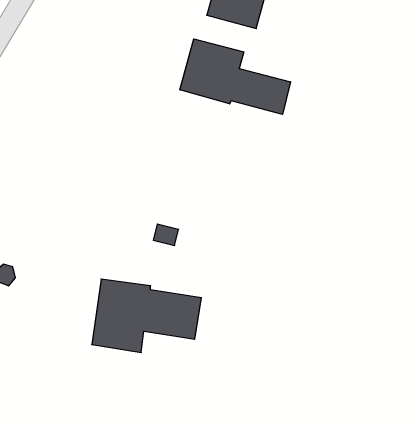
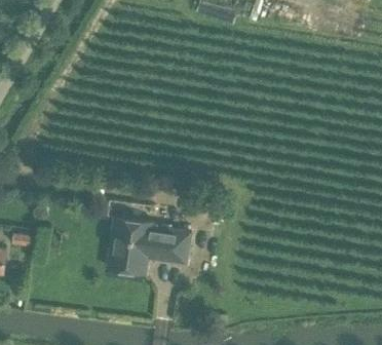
building: [180,39,291,114] -> none

